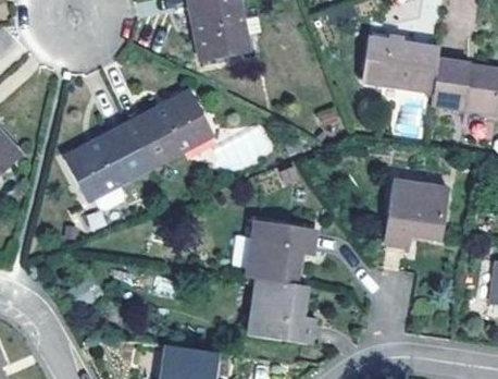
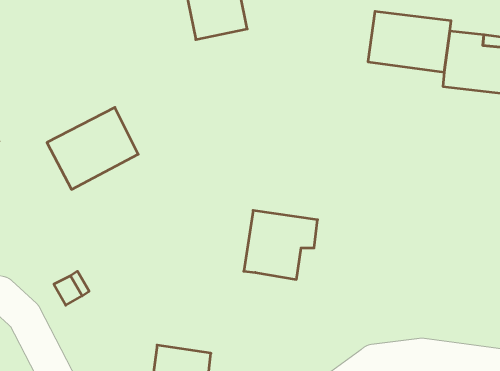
building: [127,91,213,169] -> none
building: [384,182,448,246] -> none
building: [250,279,314,343] -> none

